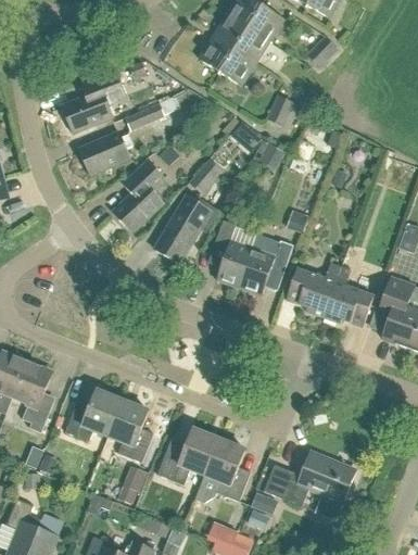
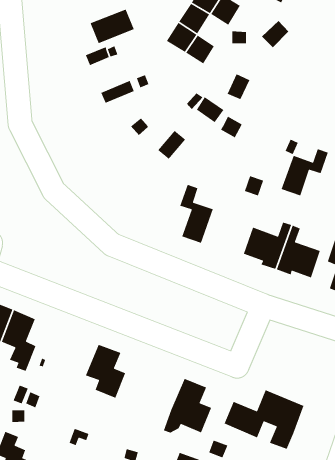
building: [235,28,269,64] -> none
building: [62,90,113,130] -> [90,8,135,44]
building: [79,133,130,174] -> none
building: [113,160,165,231] -> none
building: [155,195,219,263] -> none
building: [239,240,293,294] -> [281,148,329,196]
building: [65,389,123,441] -> none
building: [157,428,219,484] -> none
building: [118,465,148,503] -> none

